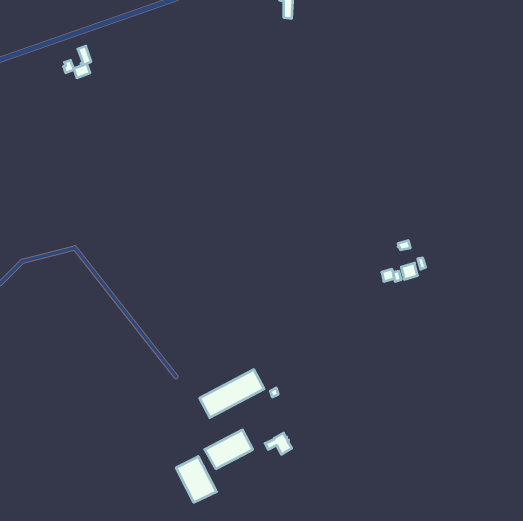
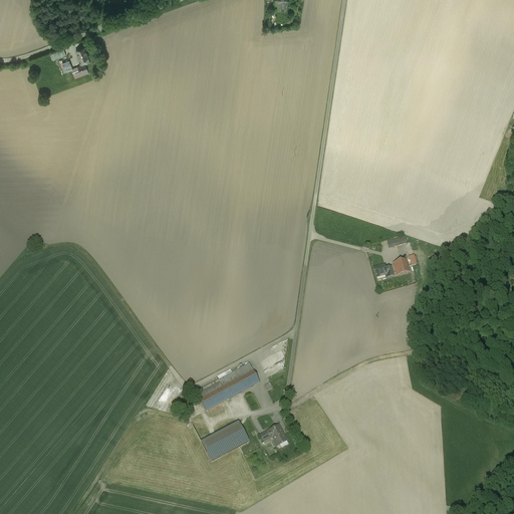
building: [176,456,217,502] -> none

